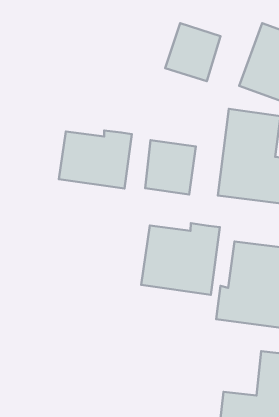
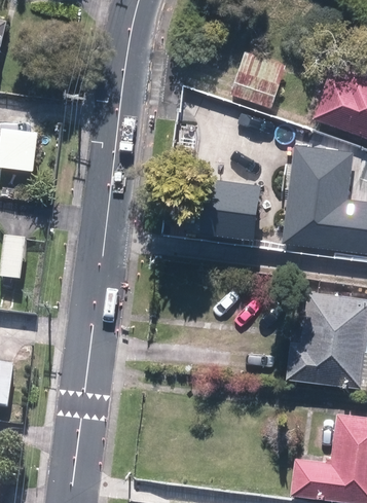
building: [59,130,132,189] -> none
building: [141,223,220,295] -> none

